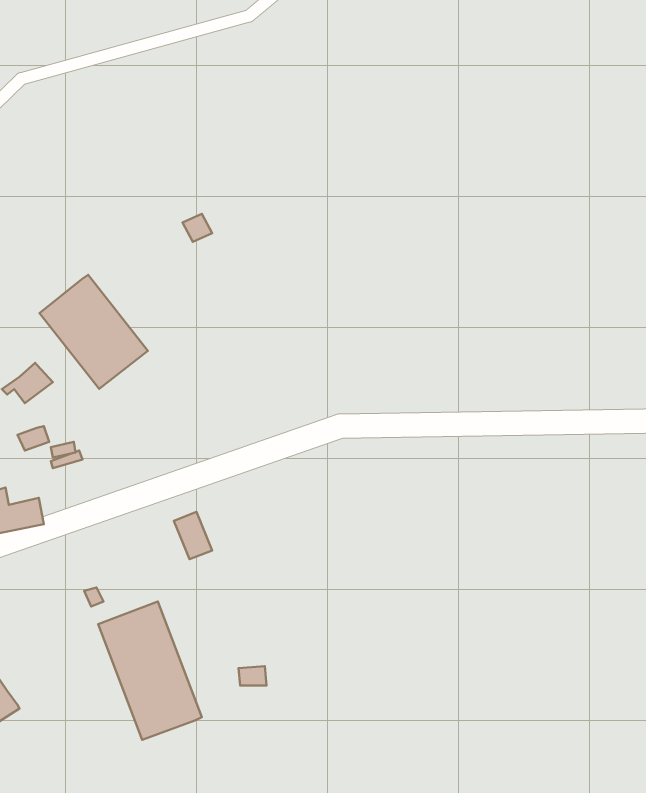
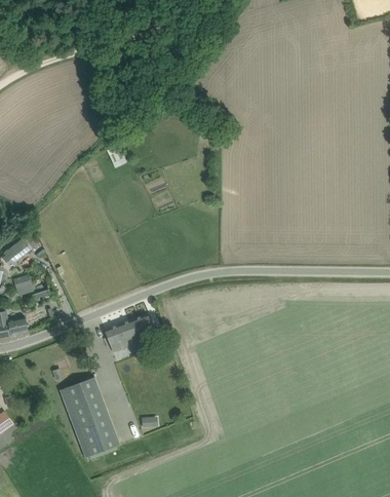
building: [39,275,148,389] -> none
building: none -> [117,314,153,347]

